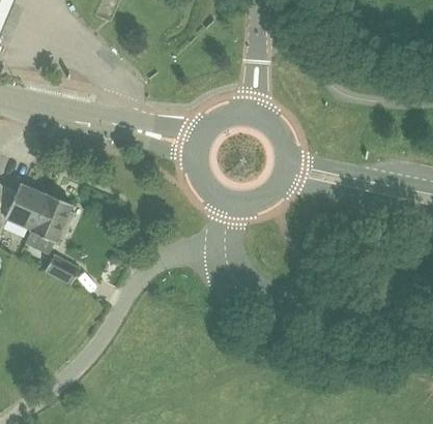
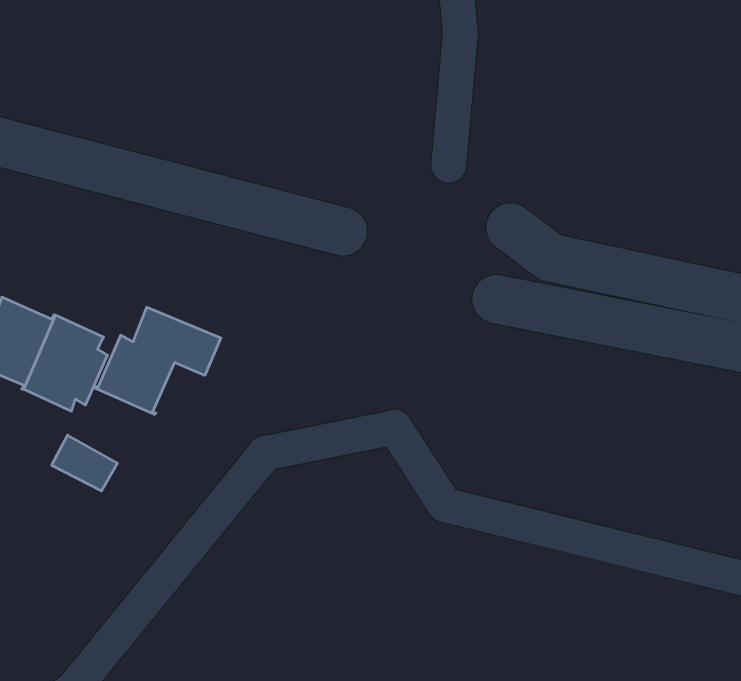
building: none -> [93,307,221,414]

